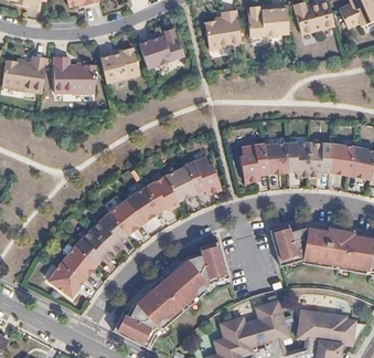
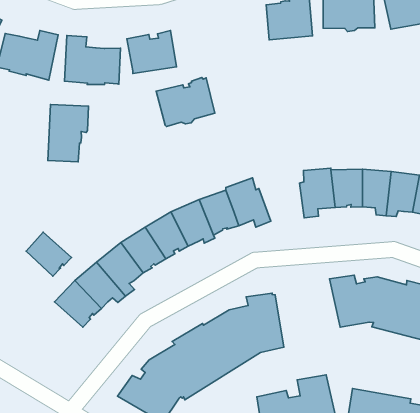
building: [139,27,185,66] -> [156,78,215,127]
building: none -> [48,104,88,162]
building: [49,261,84,294] -> [26,232,72,276]

